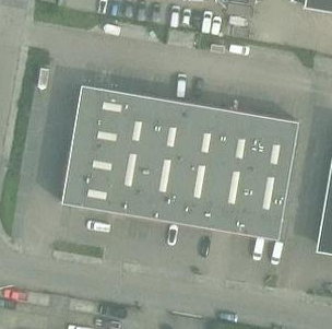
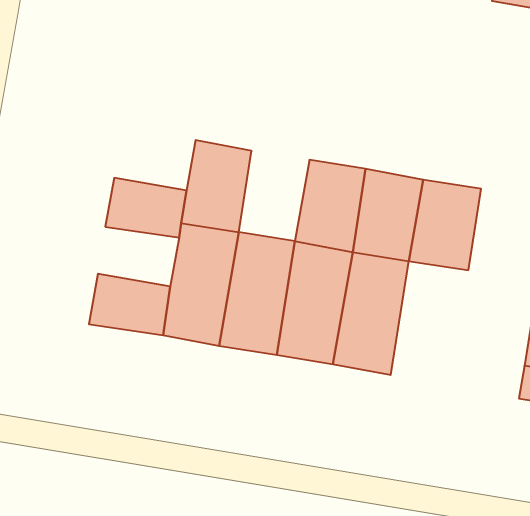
building: [75,85,124,122] -> none
building: [151,98,193,153] -> none
building: [66,144,115,180] -> none
building: [242,165,289,239] -> none

